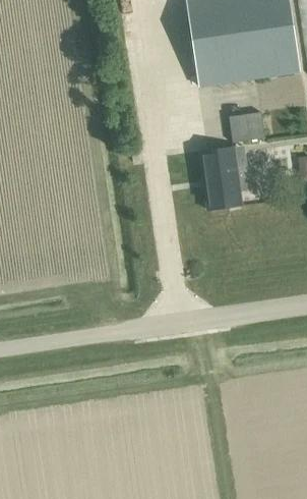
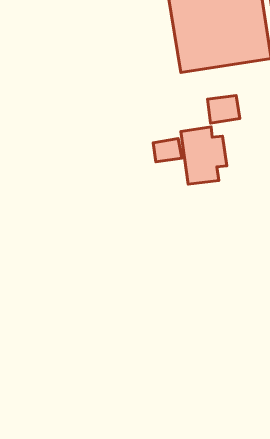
building: none -> [153,139,182,162]

